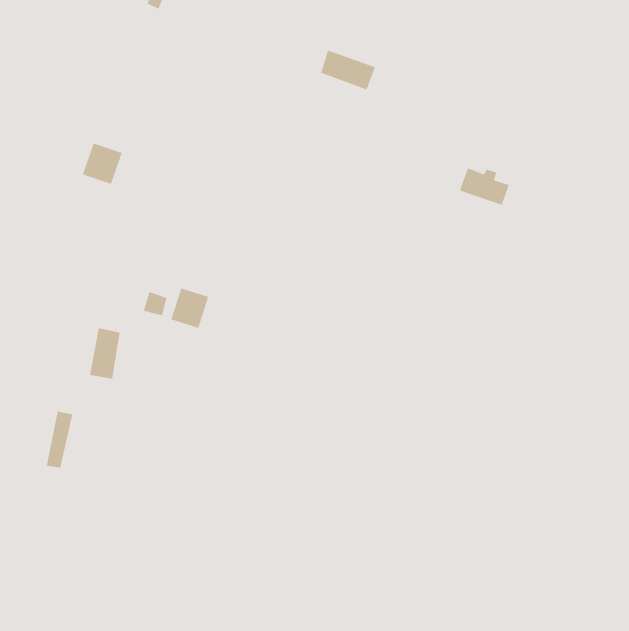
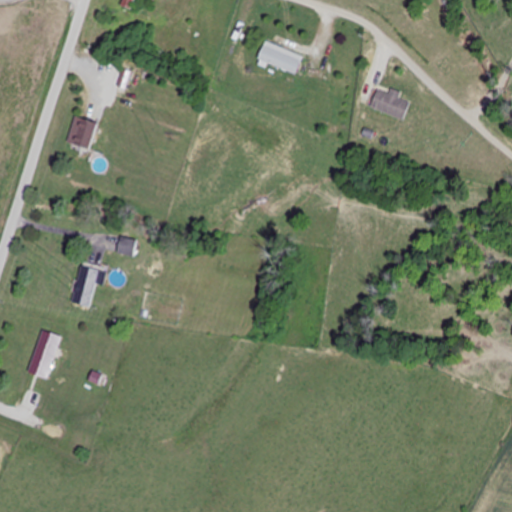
building: [459,167,510,206] -> [369,88,410,119]
building: [170,288,209,329] -> none

